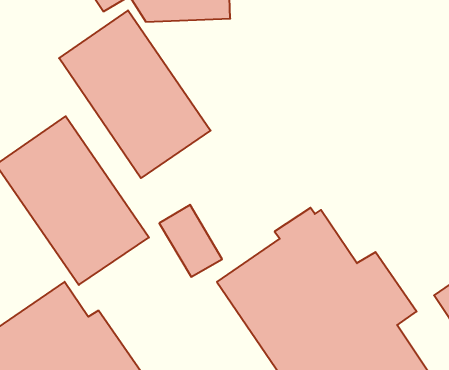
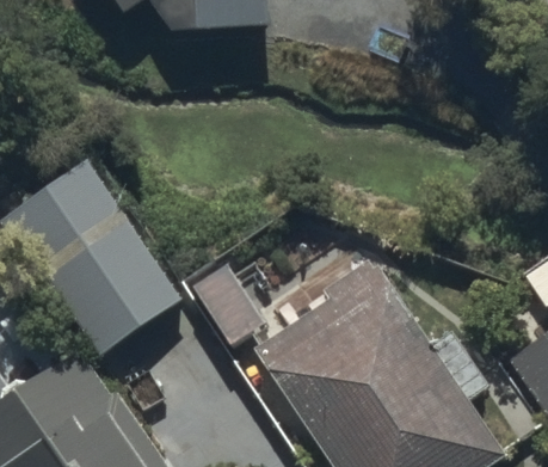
building: [59,10,211,178] -> none

